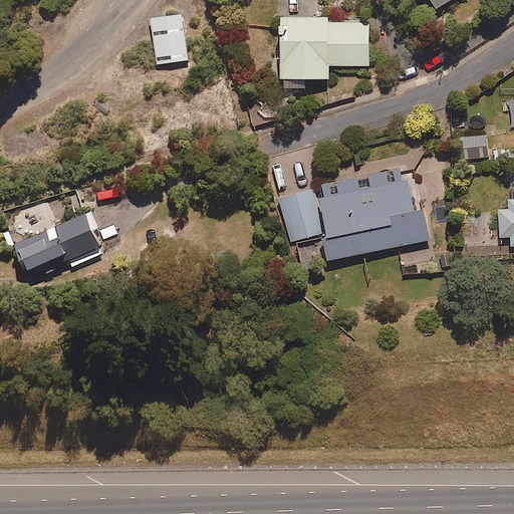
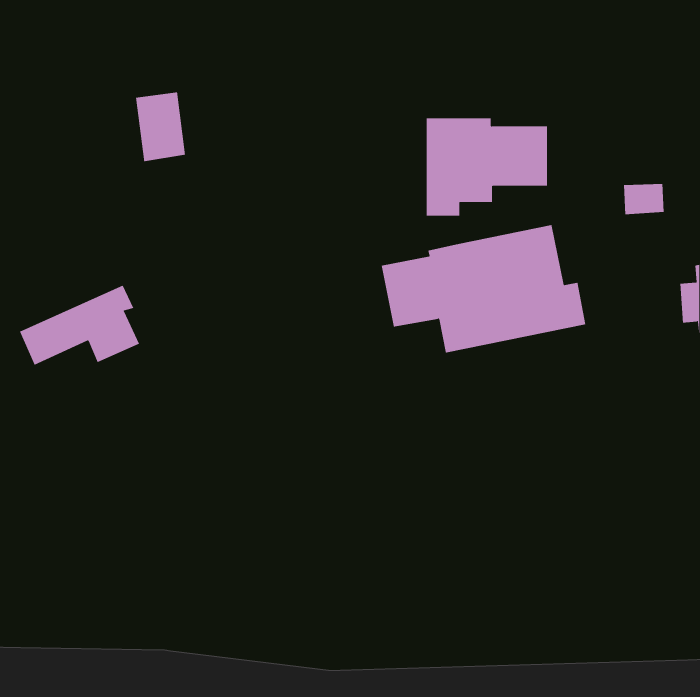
building: [151,14,188,65] -> [135,92,186,162]
building: [279,16,368,88] -> [426,118,548,216]

